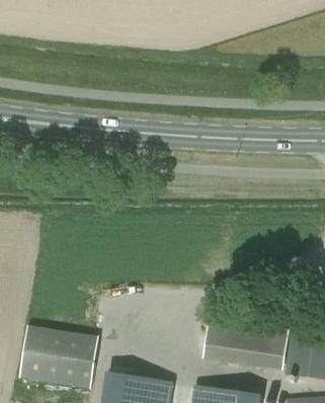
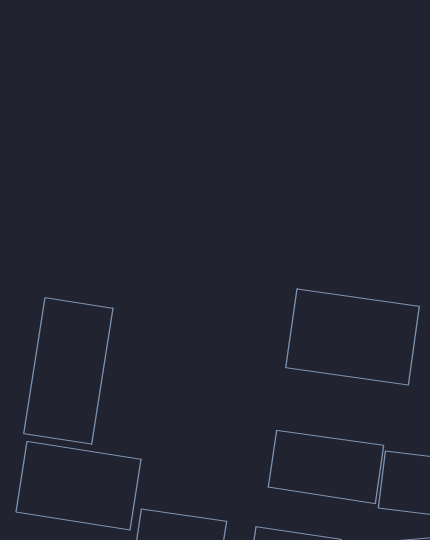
building: none -> [286,289,419,385]
building: none -> [24,298,113,444]

